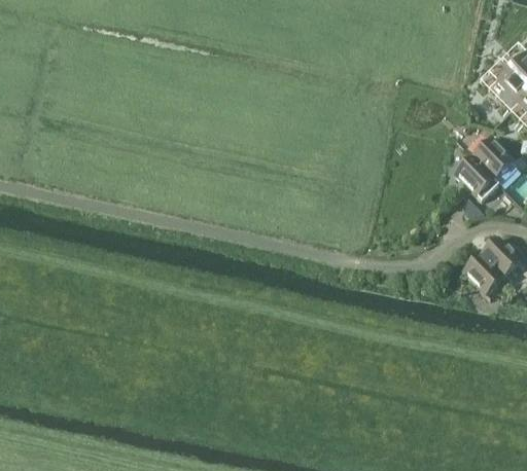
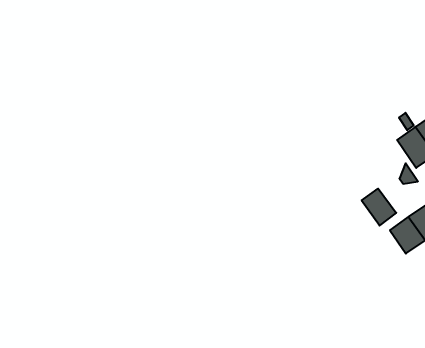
building: none -> [362,189,396,226]

